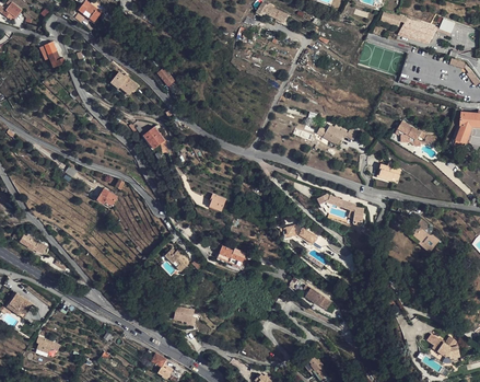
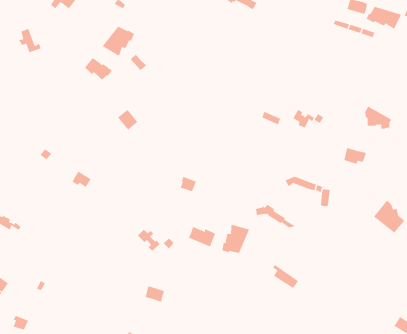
building: none -> [102,26,135,57]
building: none -> [222,224,250,254]

